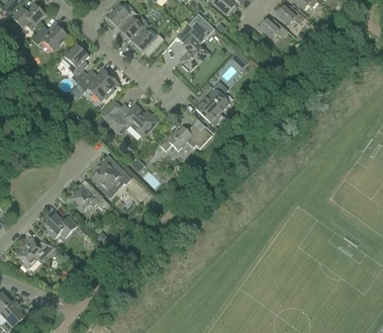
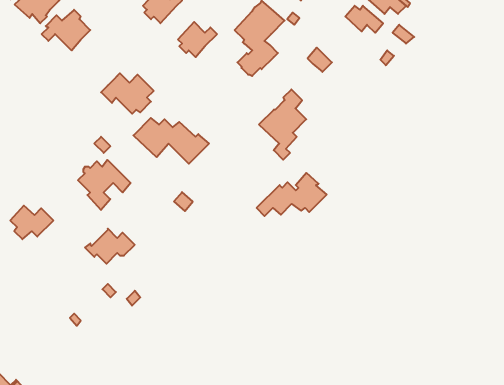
building: [120,18,150,44] -> none
building: [61,45,88,83] -> none
building: [159,118,211,151] -> [257,173,327,216]
building: [91,160,130,197] -> [78,160,131,210]
building: [43,214,76,239] -> [10,206,53,239]
building: [15,237,52,269] -> none

